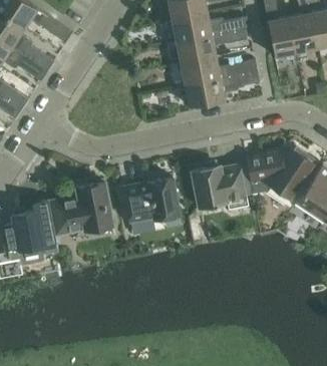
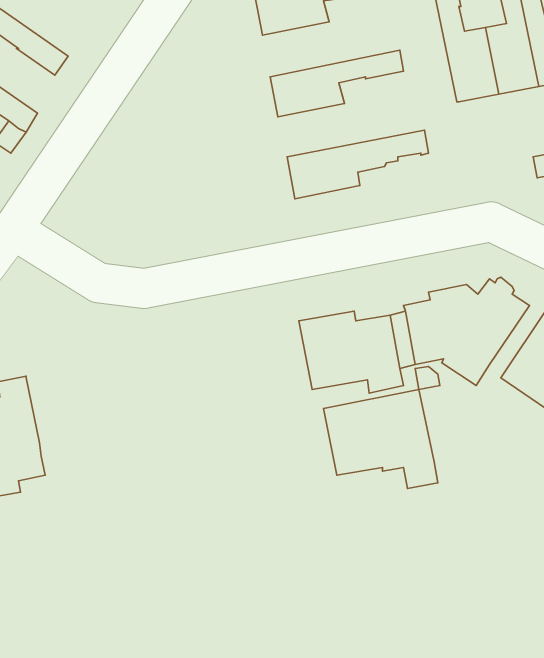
building: [173,13,245,42] -> none
building: [181,56,258,84] -> none
building: [122,176,183,229] -> [324,389,438,488]
building: [48,181,113,235] -> none

